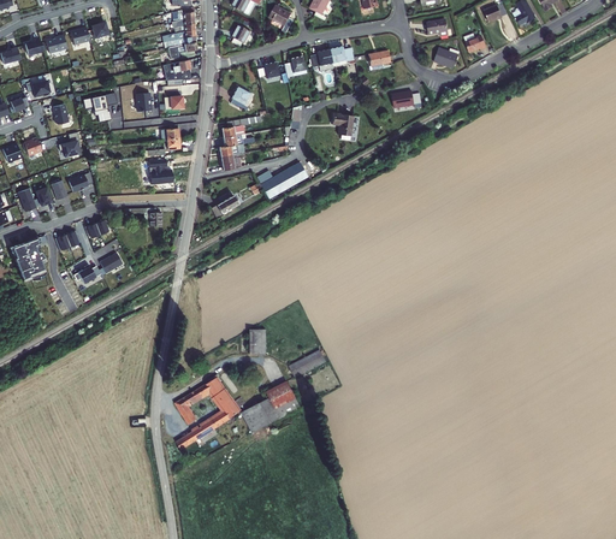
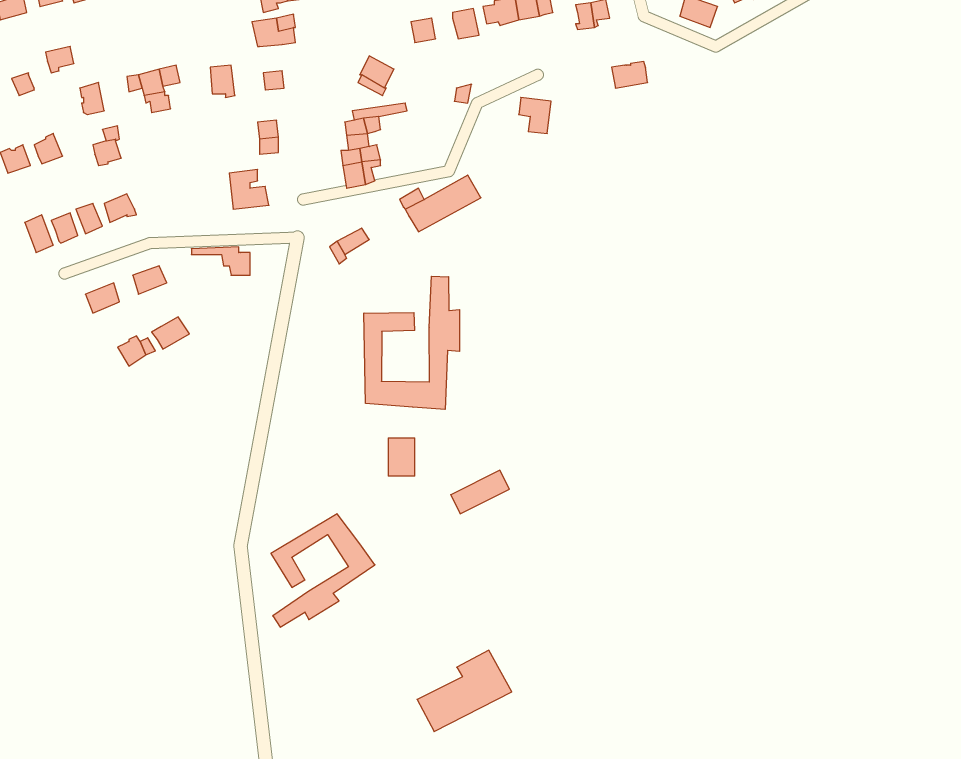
building: none -> [364,276,459,409]
building: [10,236,45,279] -> none
building: [241,380,301,432] -> [417,650,512,732]

